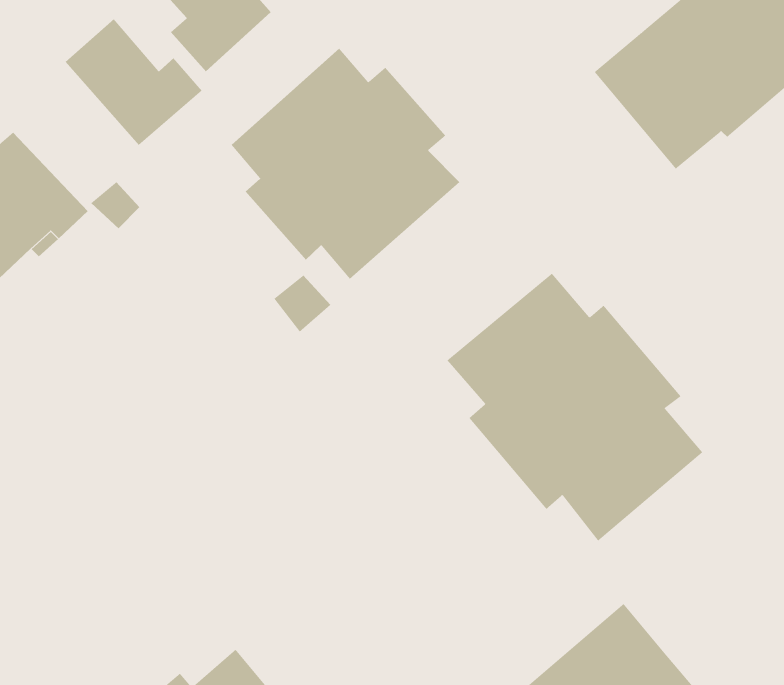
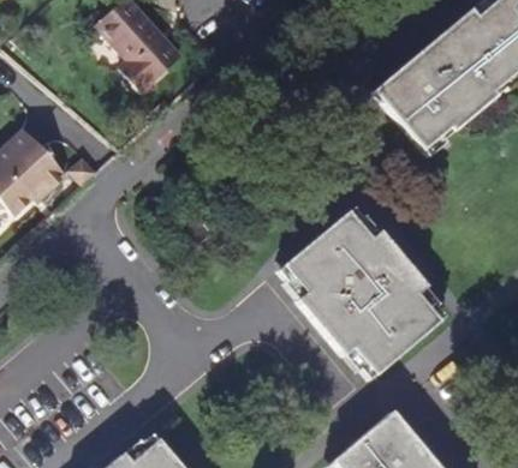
building: [65,19,203,146] -> none
building: [231,48,460,279] -> none

